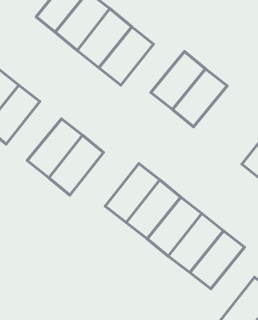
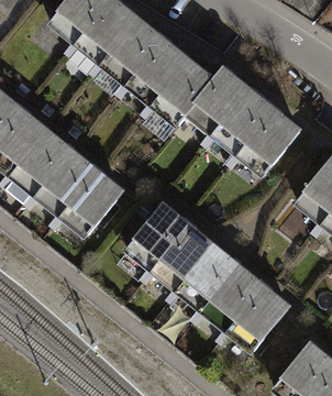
building: none -> [147,57,214,128]
building: none -> [235,108,302,178]
building: none -> [9,127,76,198]

